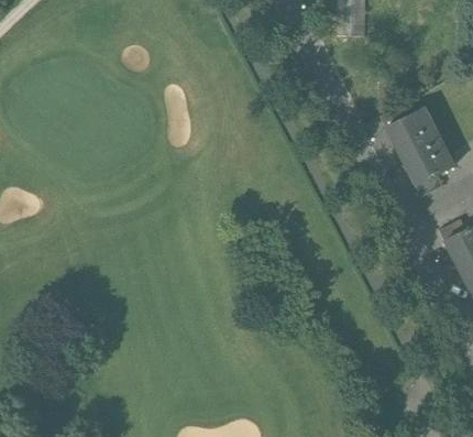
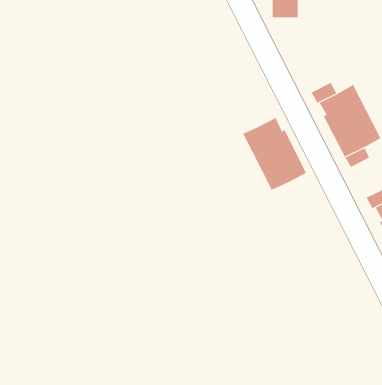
building: none -> [242,117,307,191]

